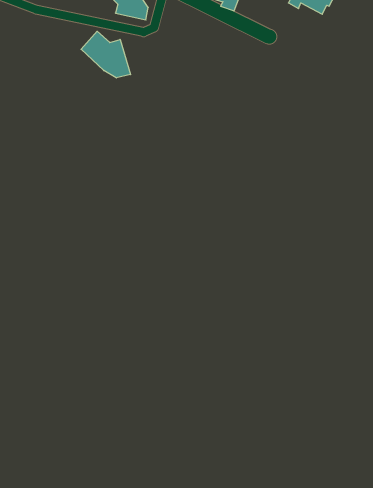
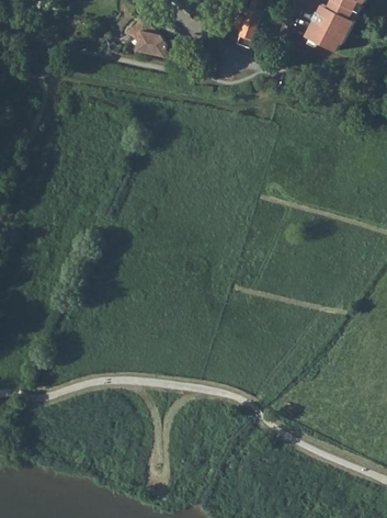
building: [81,31,131,78] -> none

